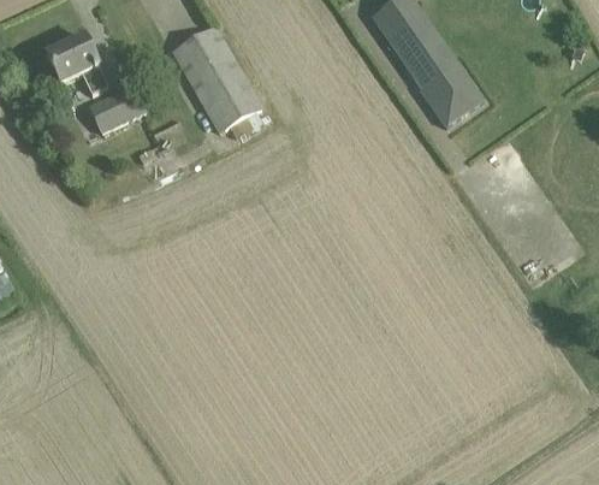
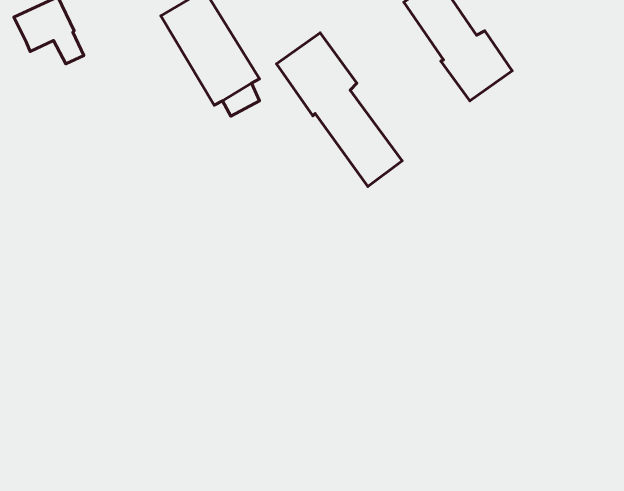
building: none -> [277,33,402,186]
building: [90,83,143,128] -> none

